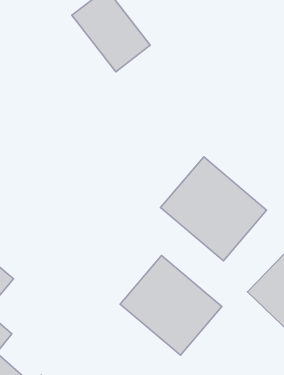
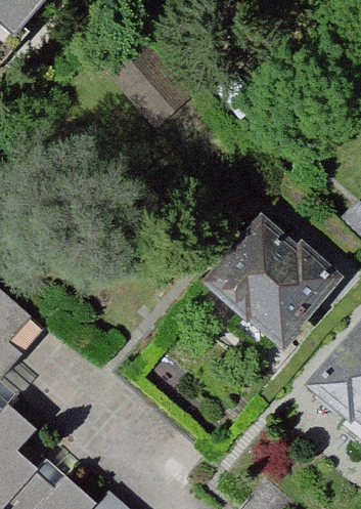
building: [120,256,222,355] -> none

